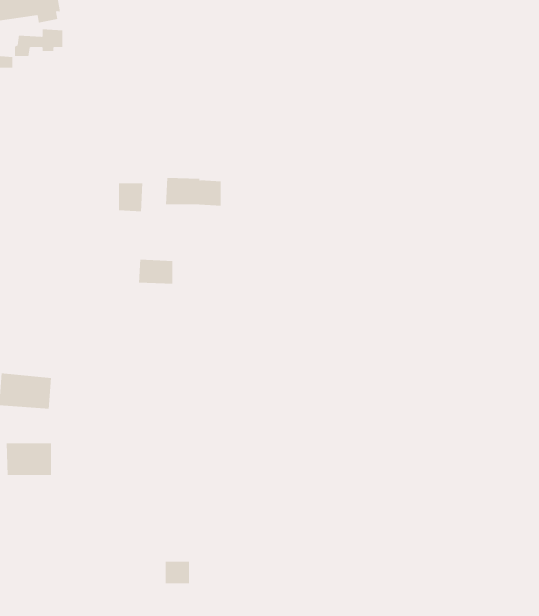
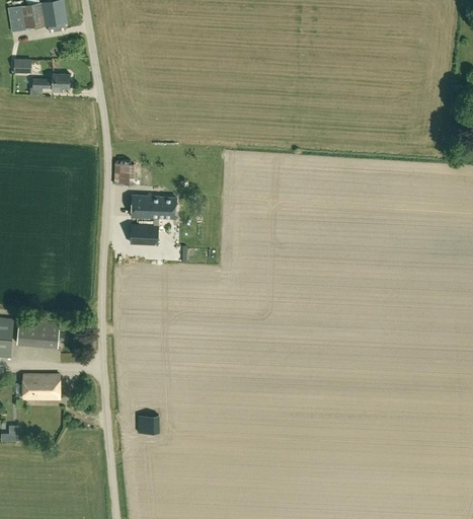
building: [14,29,63,56] -> [29,73,69,95]
building: [165,177,221,206] -> [131,195,176,218]
building: [165,561,190,584] -> [138,415,158,433]

